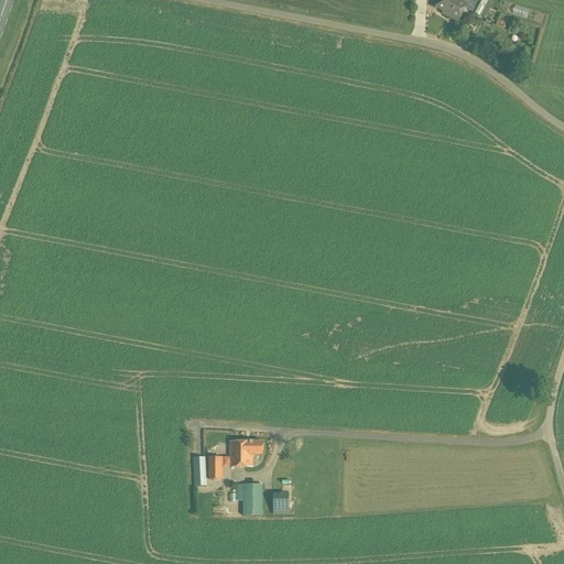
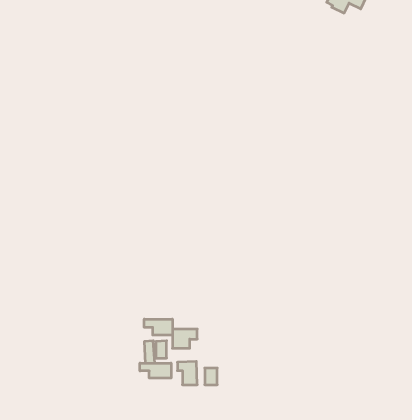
building: none -> [144,319,172,335]
building: none -> [140,363,171,378]

